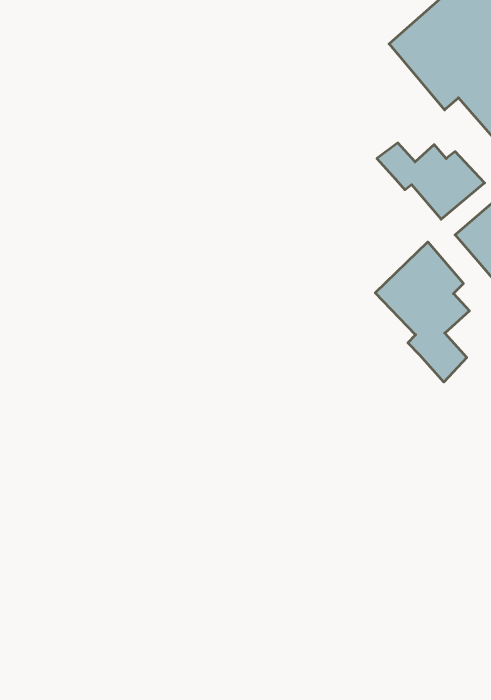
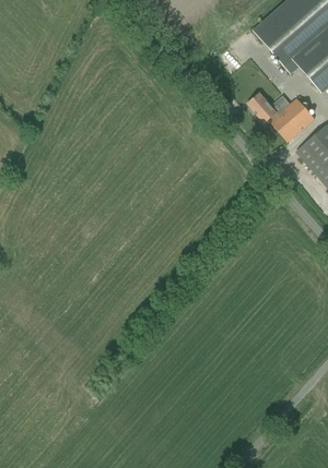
building: [375,242,469,382] -> none

